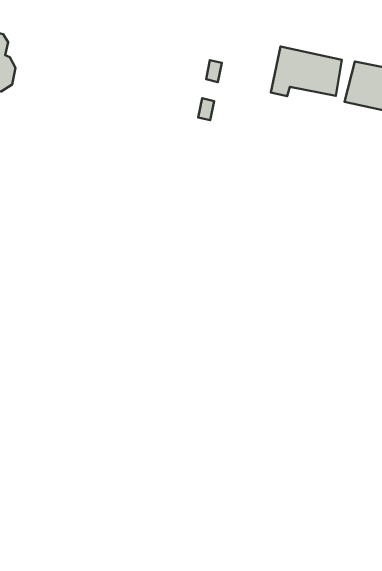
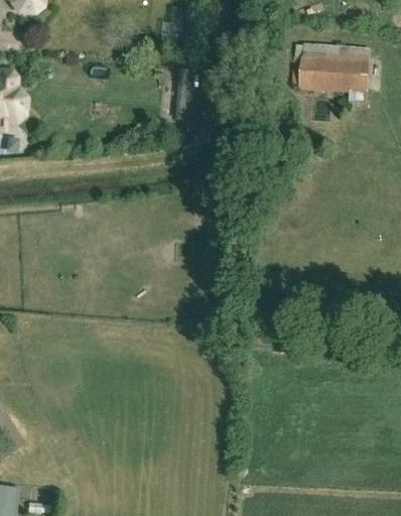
building: [271,46,342,96] -> none

